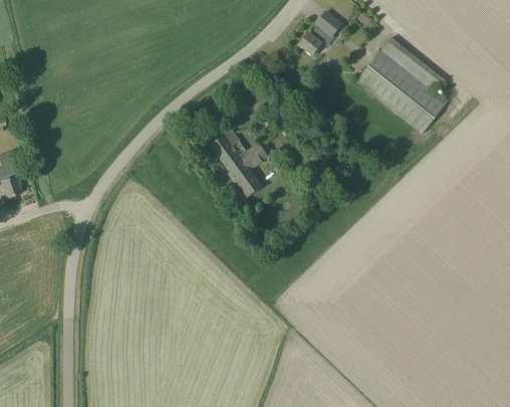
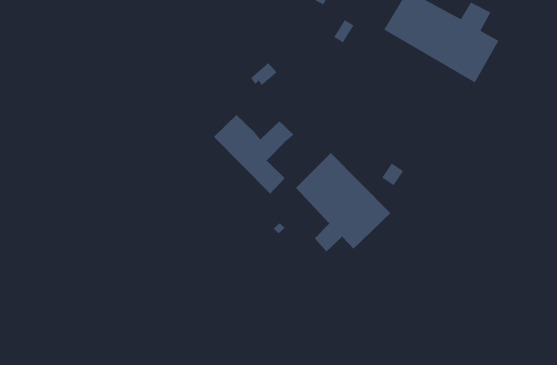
building: none -> [295,152,391,253]

